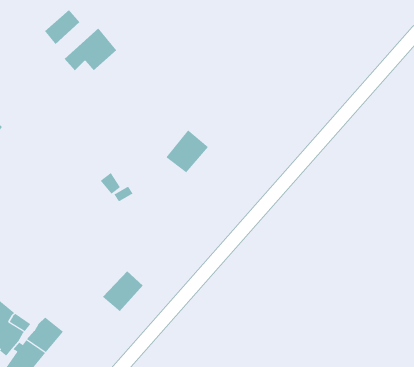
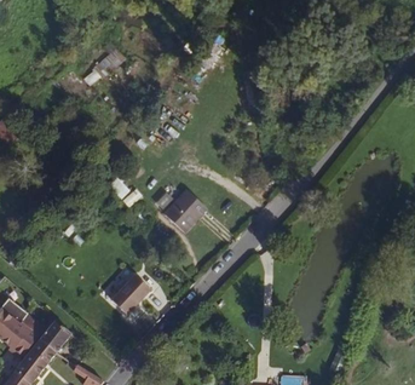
building: [44,9,80,45] -> none
building: [165,130,209,173] -> [163,191,206,234]

